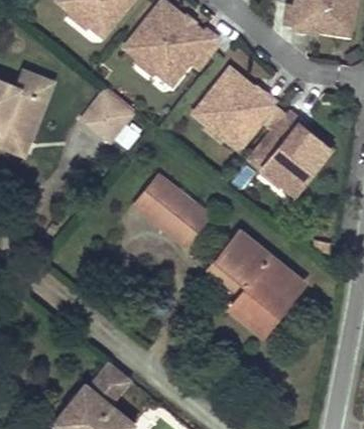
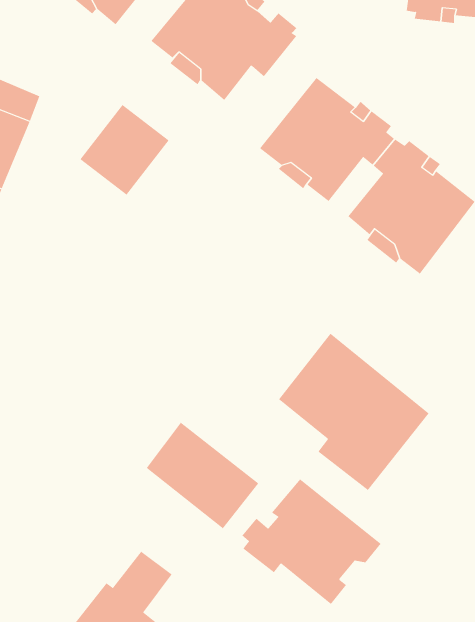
building: [135,177,208,246] -> [146,422,259,529]
building: none -> [241,479,382,605]

